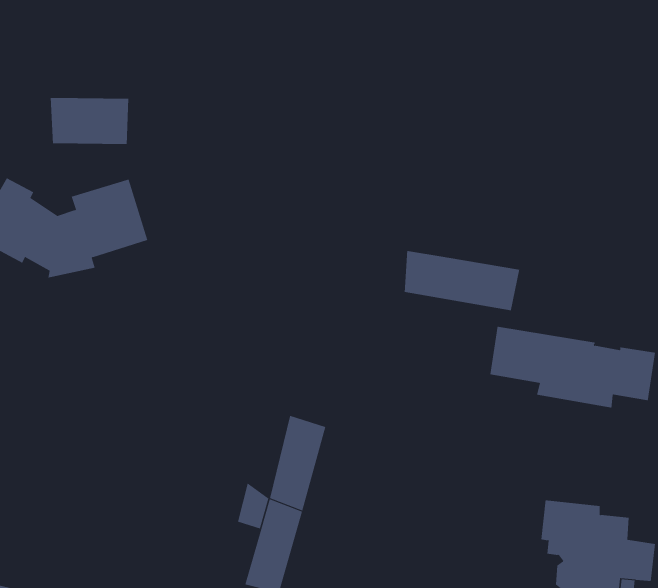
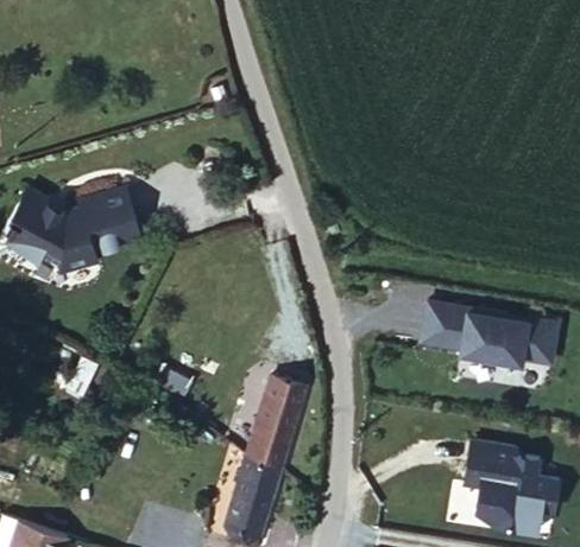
building: [50,97,129,145] -> none
building: [404,250,520,311] -> none

